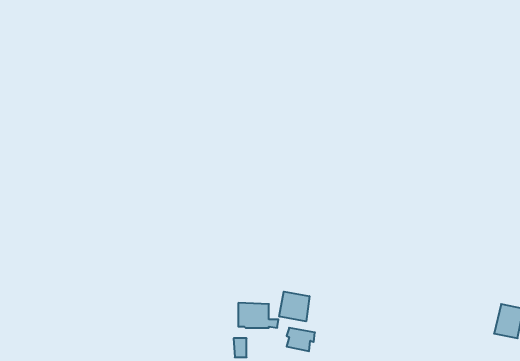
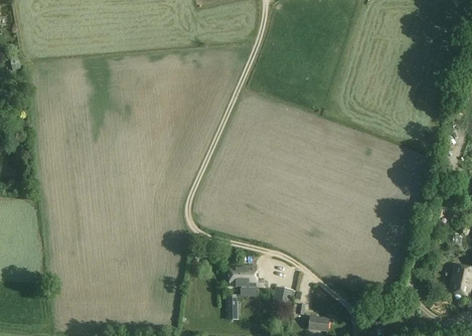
building: [279,292,309,321] -> none

